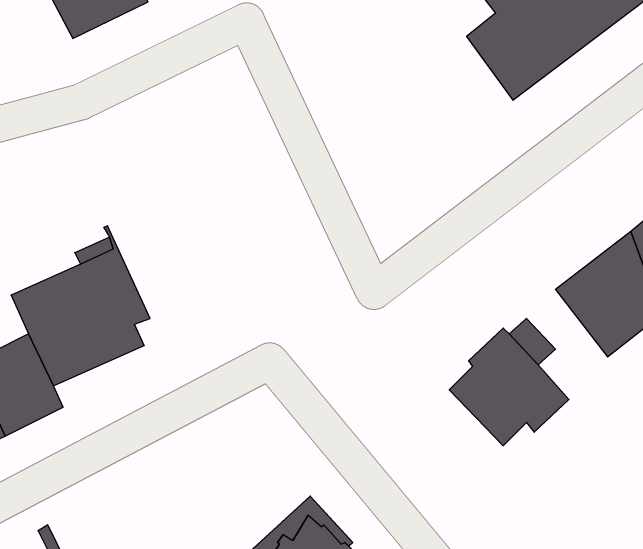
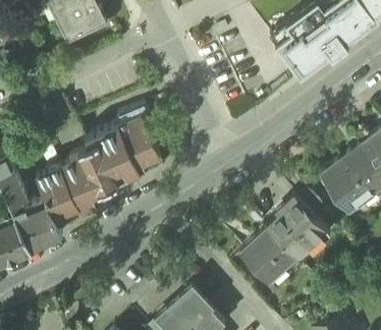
building: none -> [87,106,164,189]
building: none -> [240,227,295,282]

